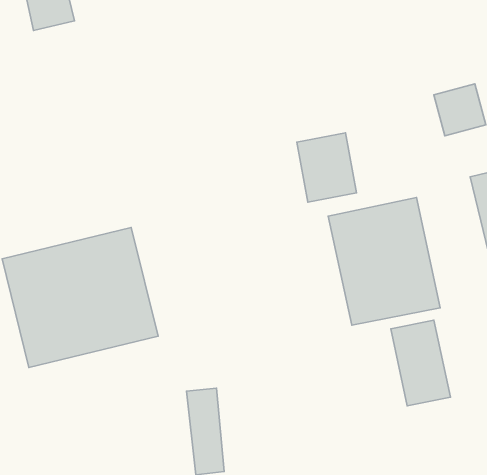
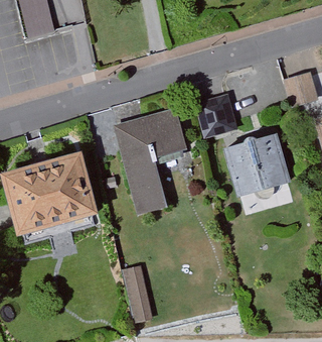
building: none -> [115,108,190,213]
building: [391,320,450,406] -> none

